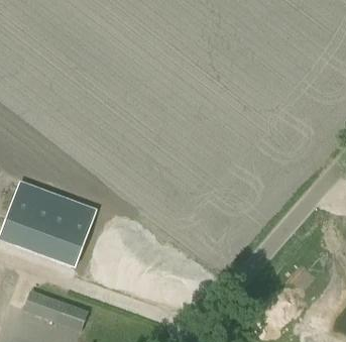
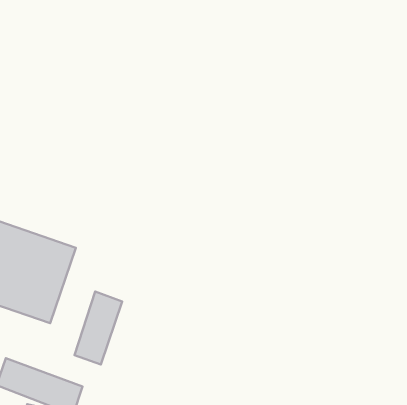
building: none -> [75,291,122,365]

